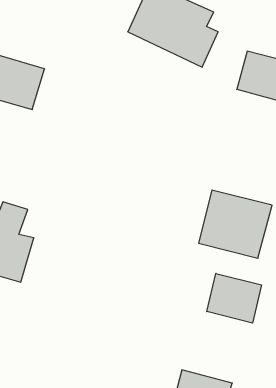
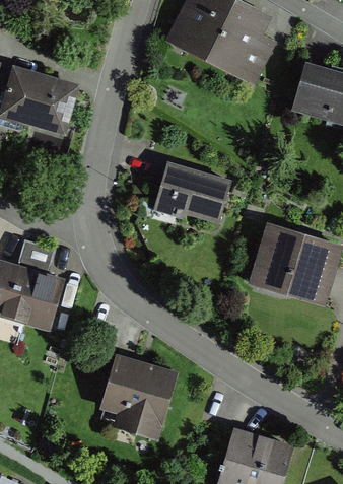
building: none -> [157,163,229,223]
building: [207,273,261,323] -> none
building: none -> [101,356,177,439]

